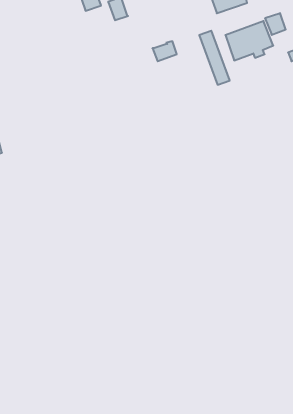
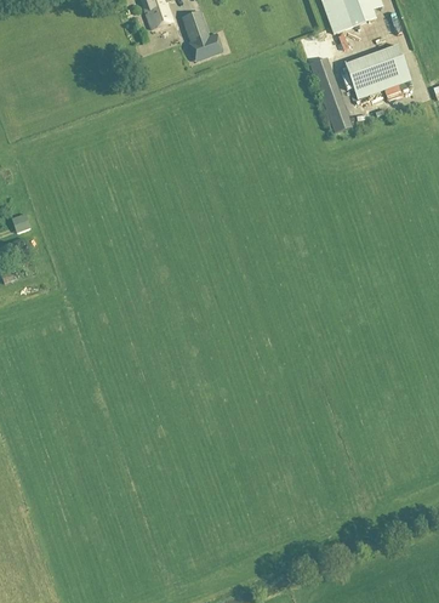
building: [265,13,286,35] -> none
building: [152,41,177,61] -> [188,33,222,61]

